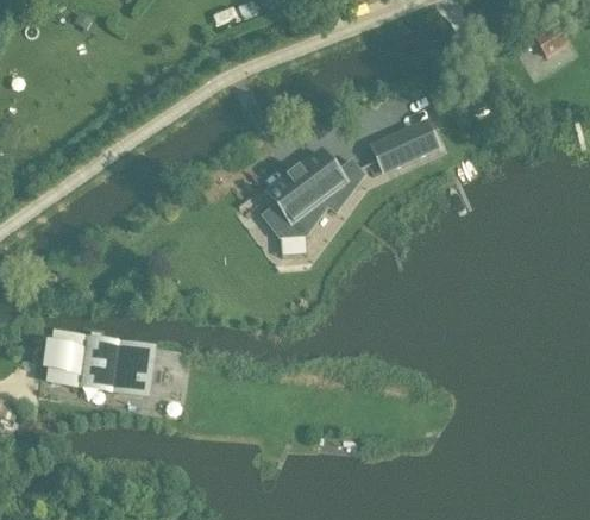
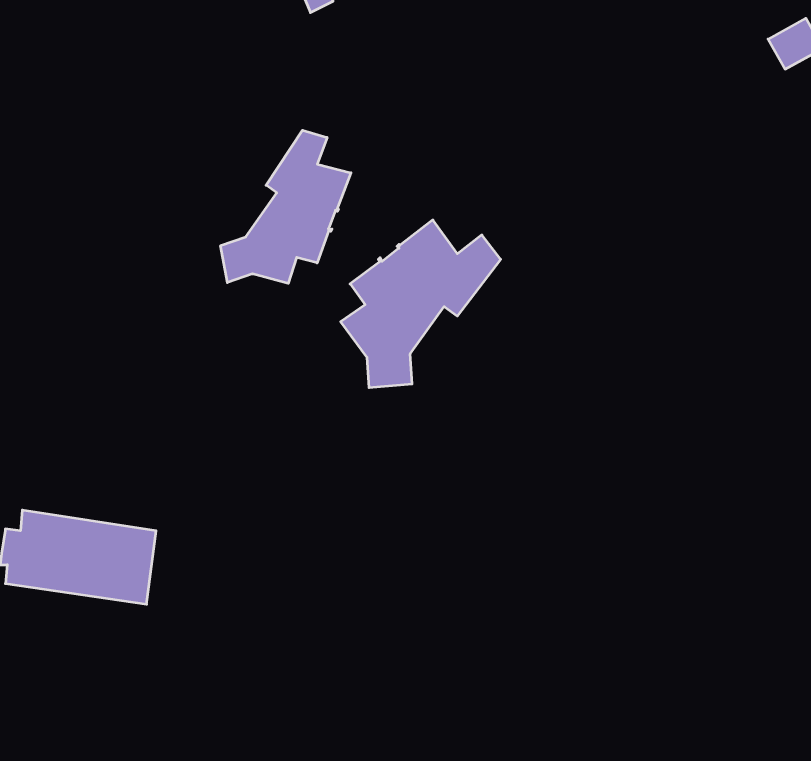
building: none -> [221,130,351,283]
building: [371,119,437,169] -> none

